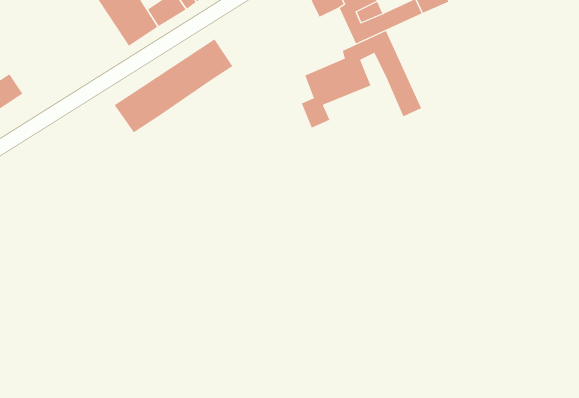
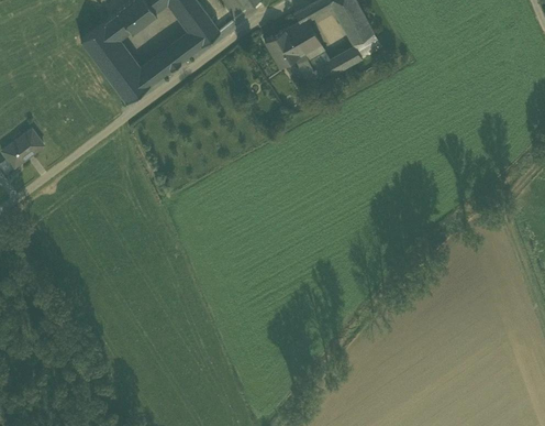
building: [301,30,422,129] -> none
building: [114,38,233,133] -> none

